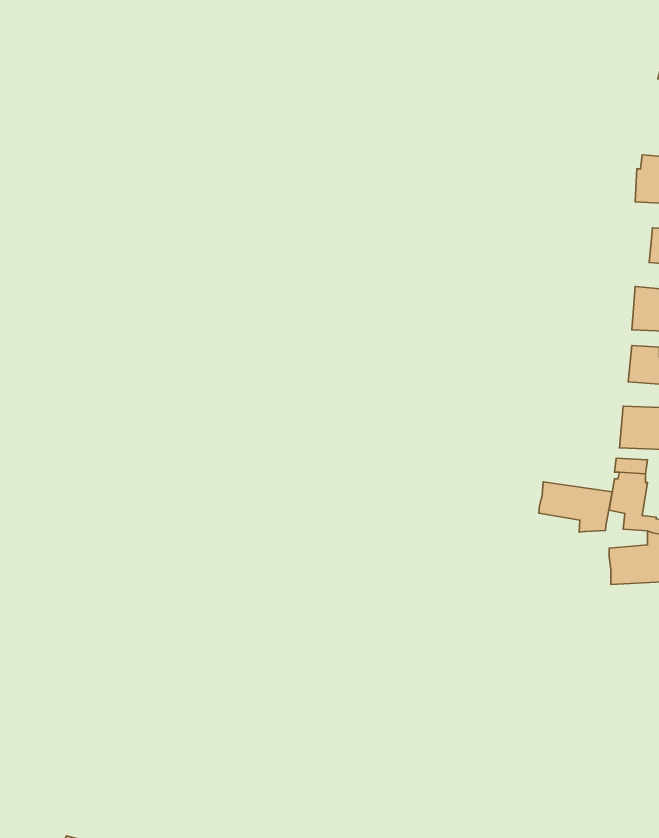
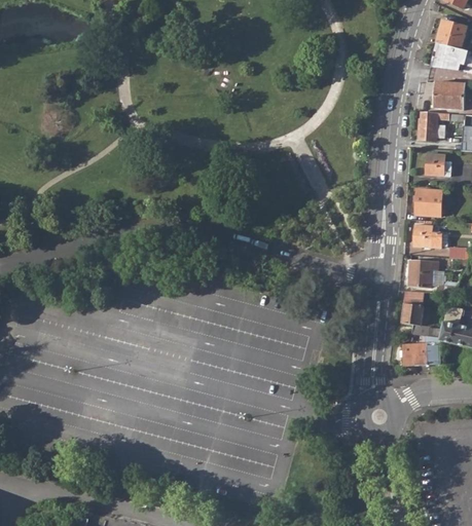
building: [539,482,612,532] -> none

